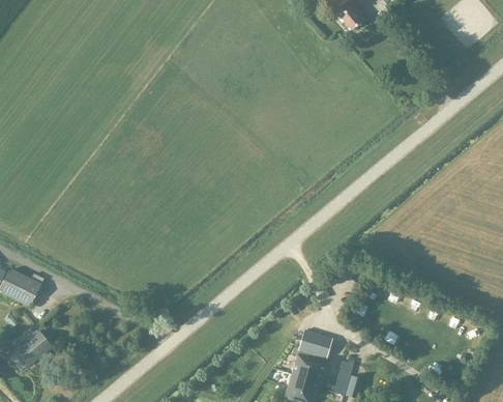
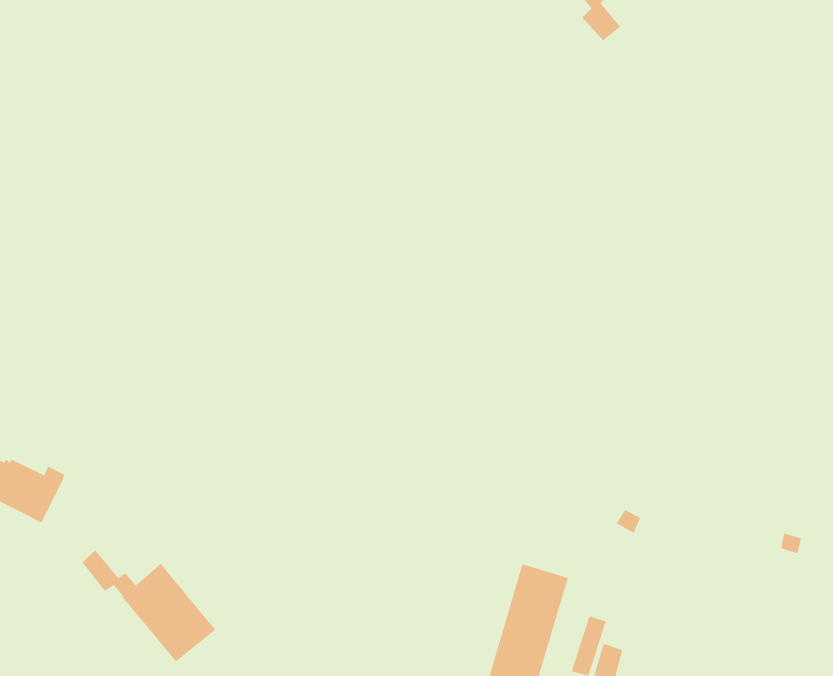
building: none -> [81,550,216,662]
building: [12,332,52,366] -> none

